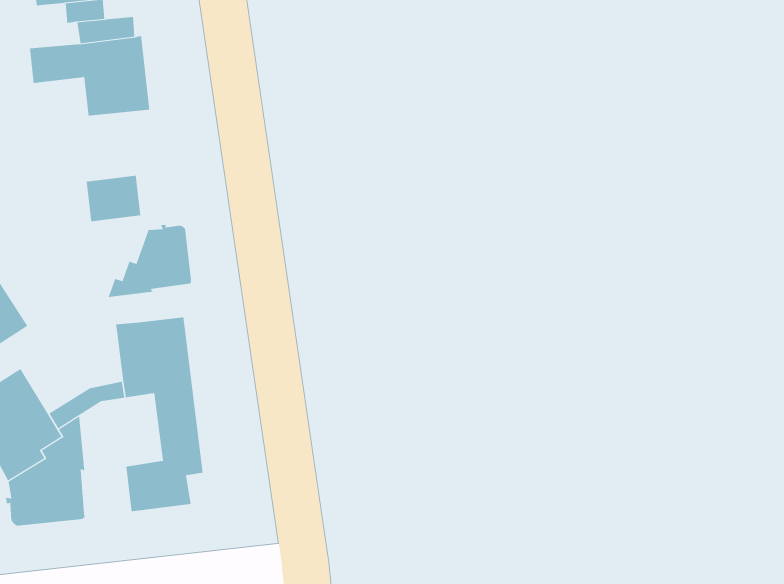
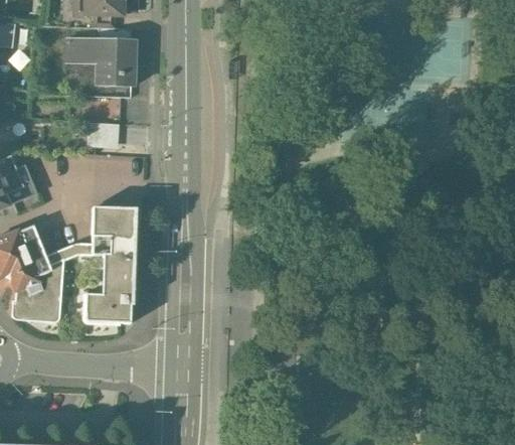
building: [108,224,192,298] -> none

